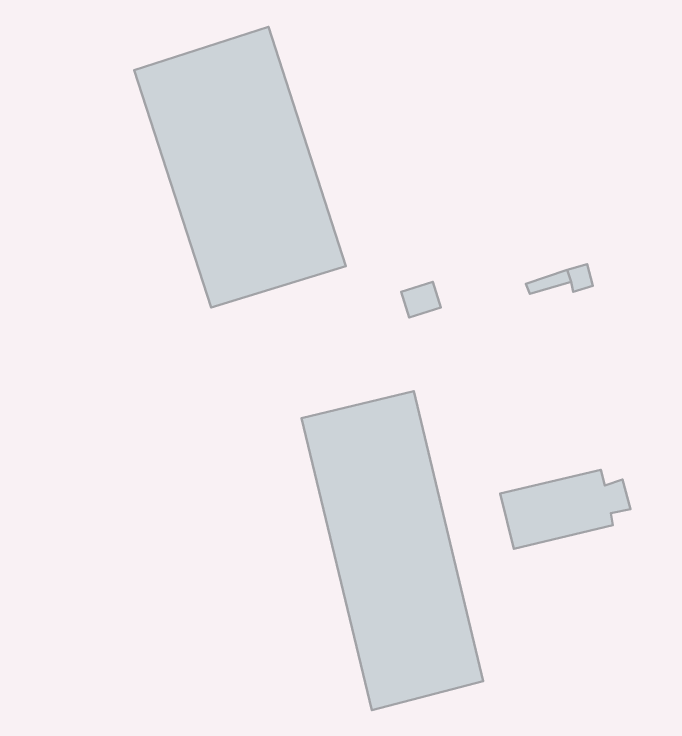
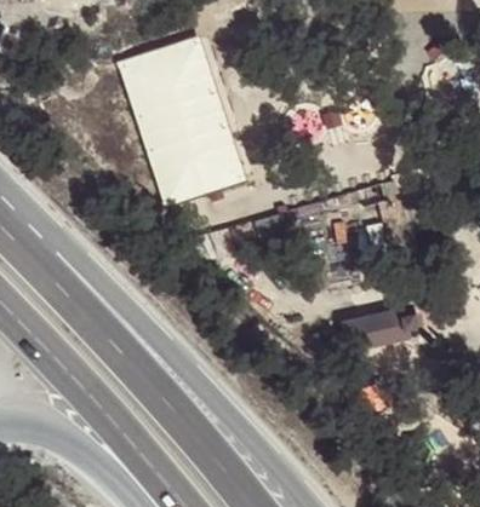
building: [302,391,483,710] -> none

